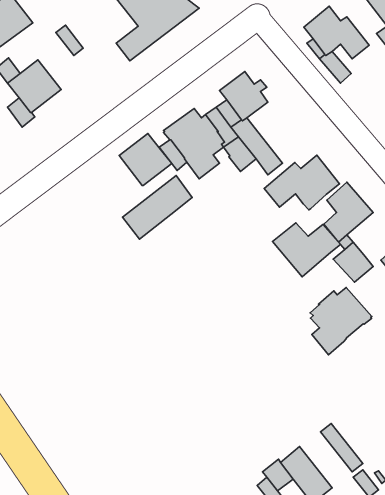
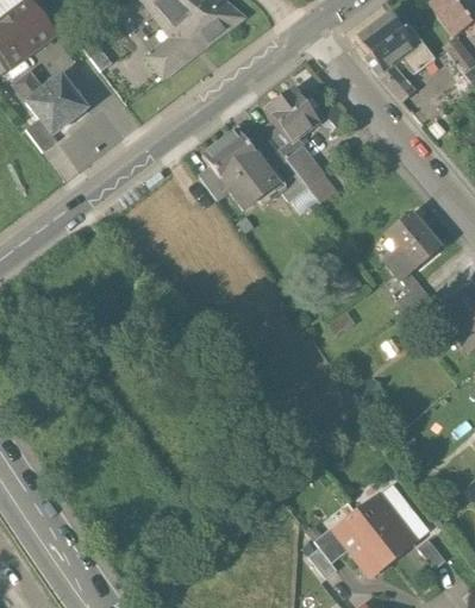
building: [119,134,172,186] -> none
building: [264,155,340,210] -> none
building: [122,176,192,239] -> none
building: [273,223,340,277] -> none
building: [310,288,372,355] -> none
building: none -> [356,493,415,557]

